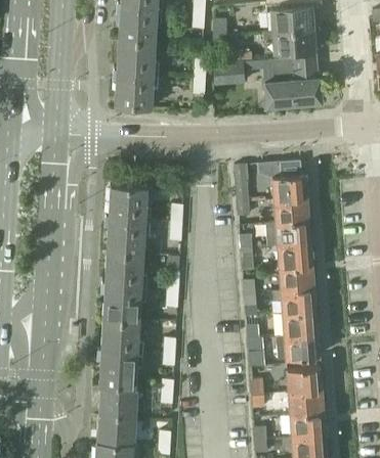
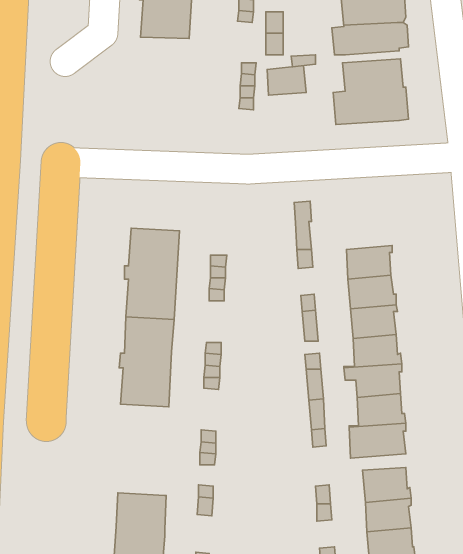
building: [113,40,155,109] -> none
building: [256,161,309,201] -> none
building: [97,319,139,388] -> none

